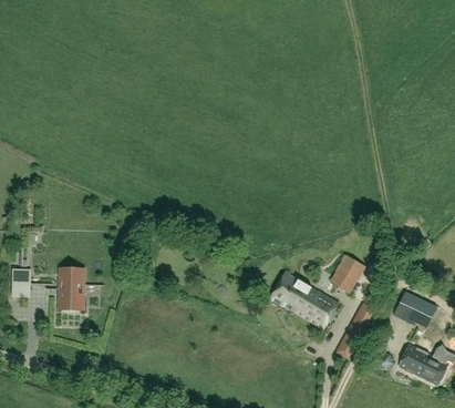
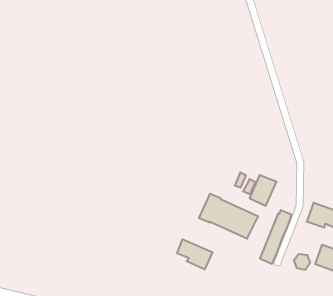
building: [56,267,84,310] -> none
building: none -> [177,239,212,270]

